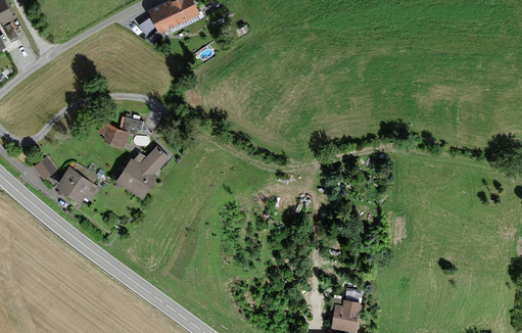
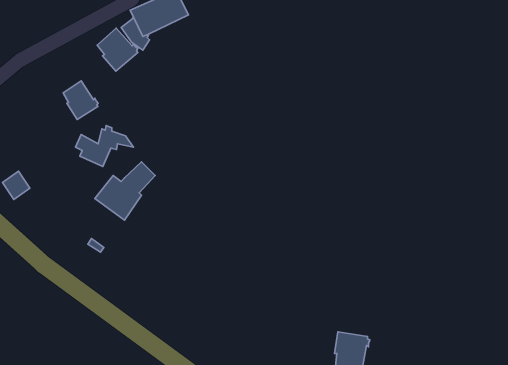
building: none -> [97,28,138,71]
building: none -> [63,81,98,120]
building: [55,161,100,201] -> none

